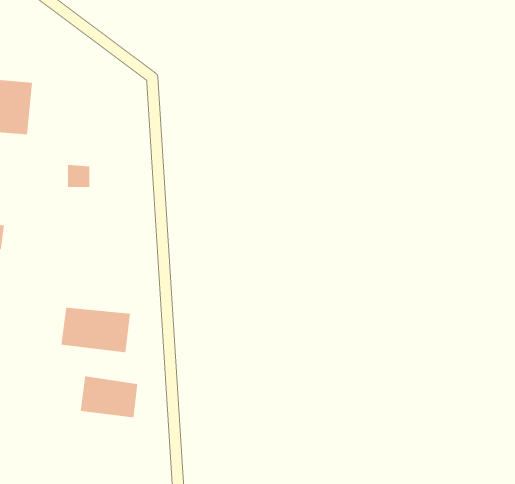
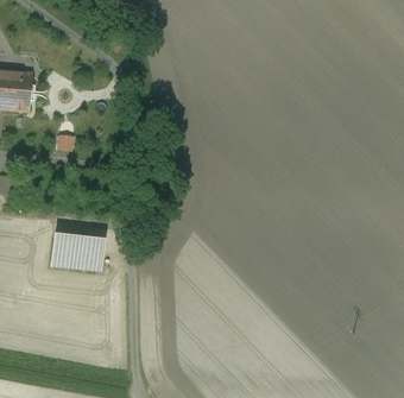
building: [80,375,138,418] -> none

